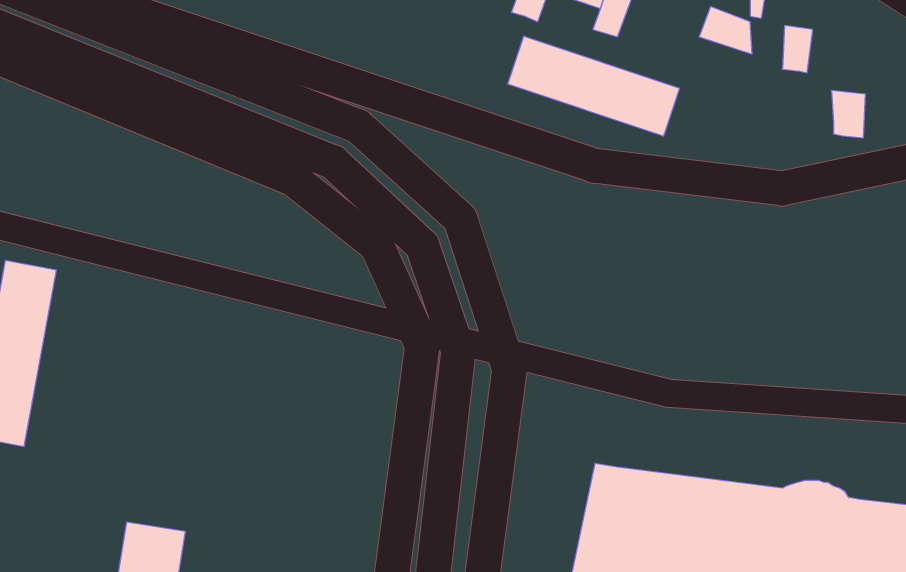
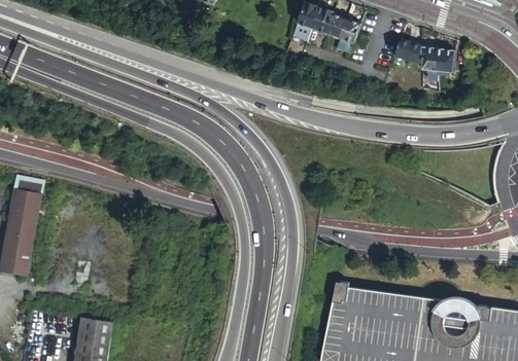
building: [508,36,679,136] -> none
building: [831,90,866,138] -> [420,45,439,71]

